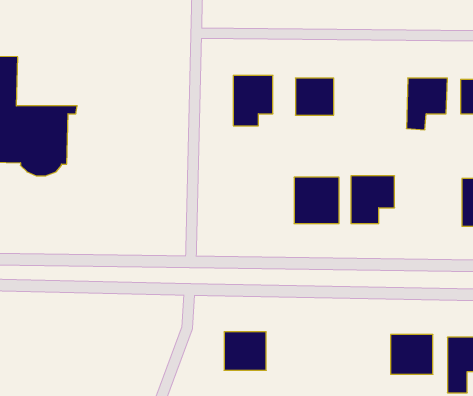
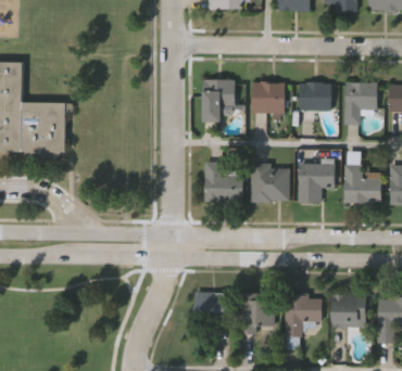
building: none -> [300,82,330,119]
building: none -> [204,163,243,202]
building: none -> [344,165,381,204]
building: none -> [284,295,322,335]
building: none -> [241,297,275,332]

